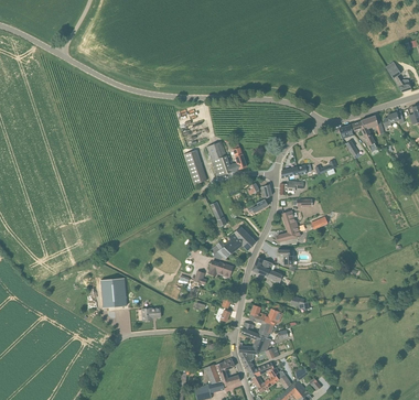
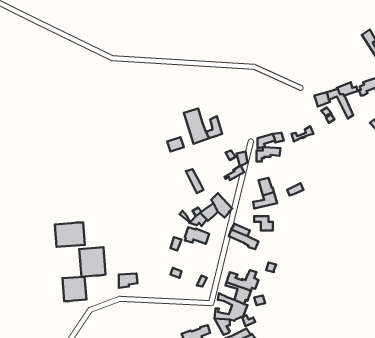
building: none -> [55,222,85,247]
building: none -> [62,277,86,301]

